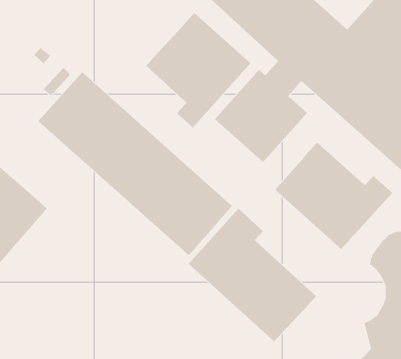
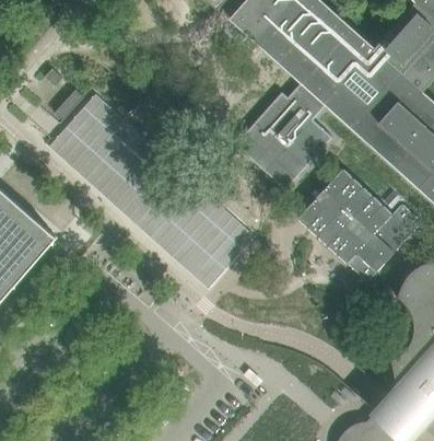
building: [145,12,251,128] -> none
building: [188,208,317,342] -> none

